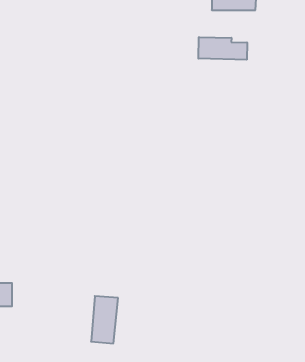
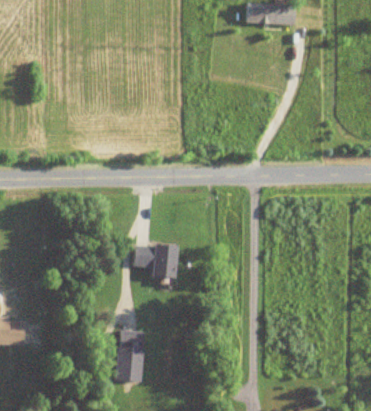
building: [198,37,247,60] -> none
building: none -> [134,244,177,278]

